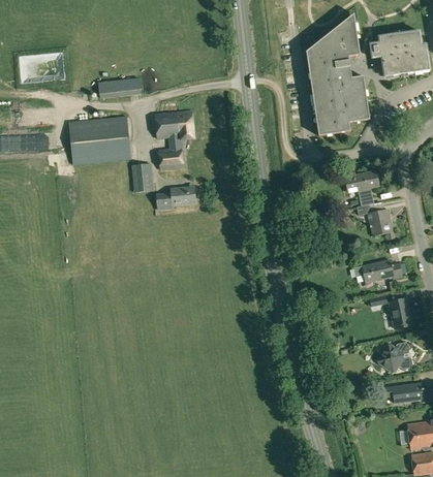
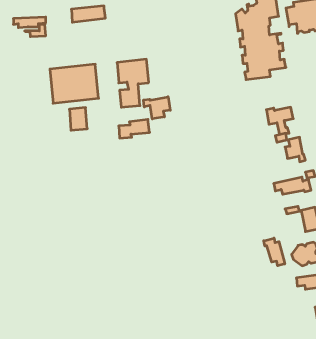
building: [98,77,142,98] -> [71,6,105,22]
building: none -> [144,97,170,119]
building: [131,163,154,192] -> [69,108,87,130]
building: none -> [264,238,285,266]

